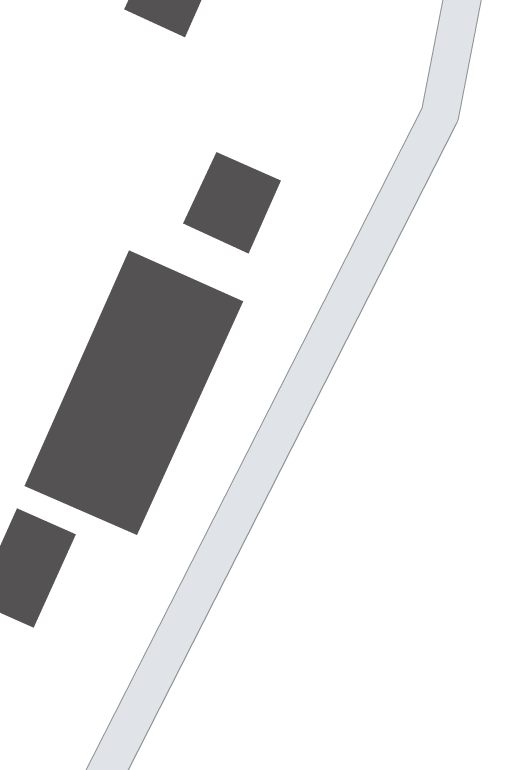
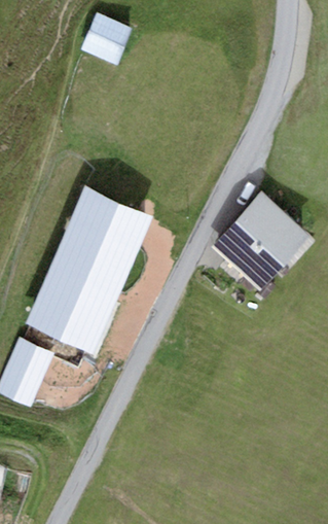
building: [182,151,282,254] -> none
building: none -> [211,193,311,292]

